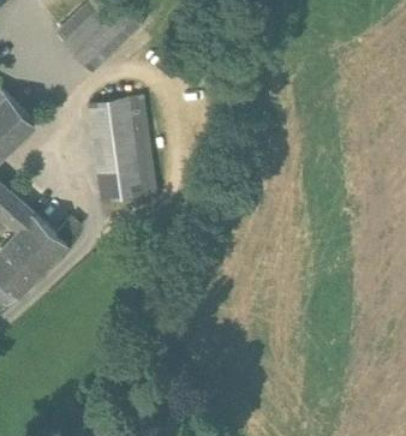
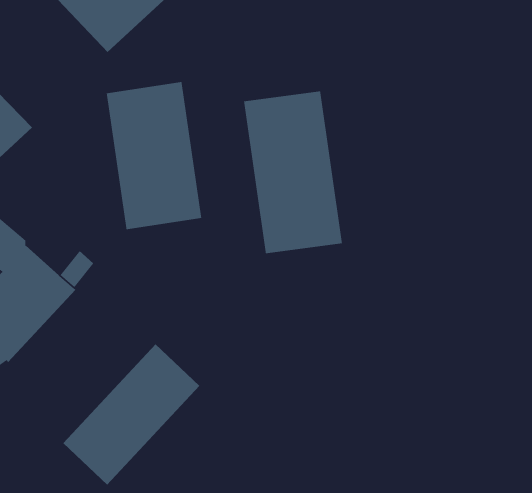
building: none -> [243,90,343,254]
building: none -> [63,343,200,486]

